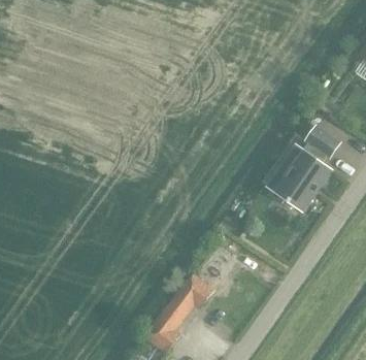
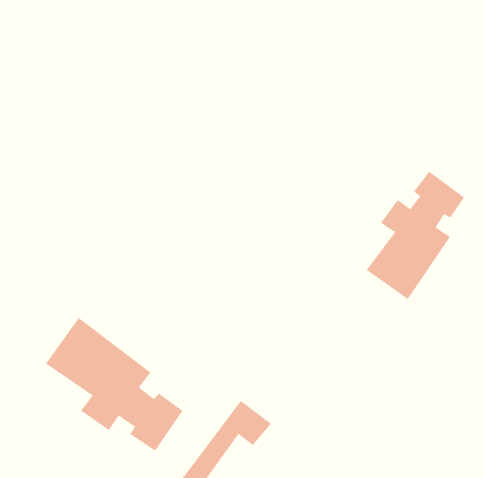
building: none -> [45,317,183,452]

